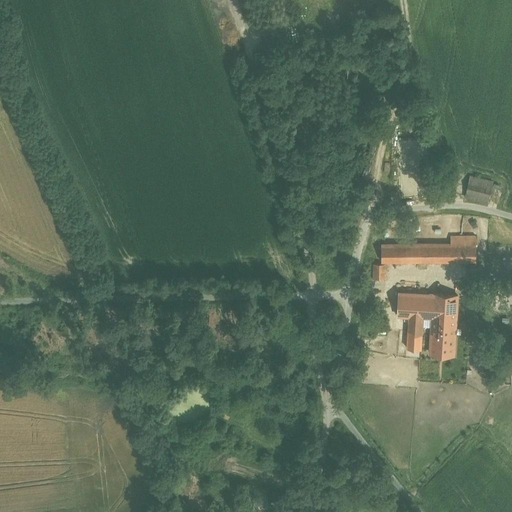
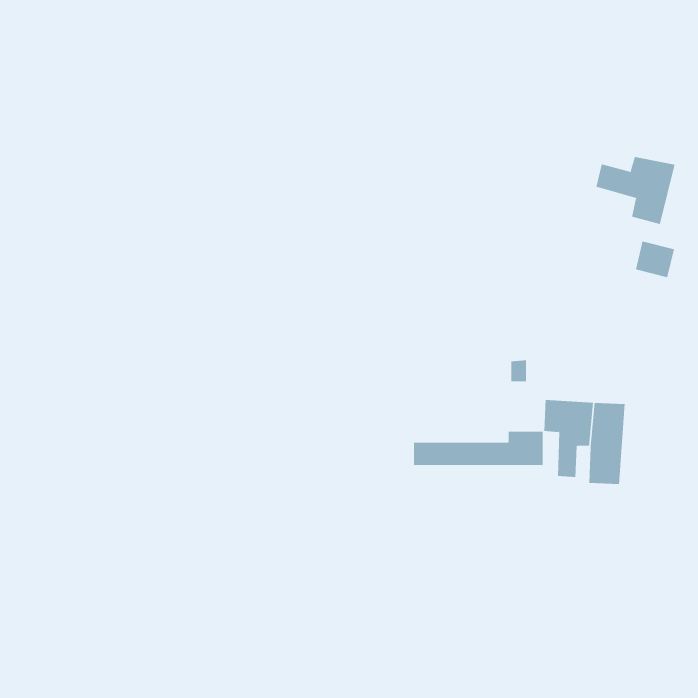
building: none -> [596,156,675,225]
building: [381,237,476,262] -> [413,431,543,465]

